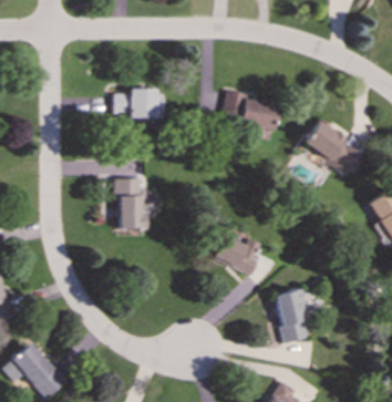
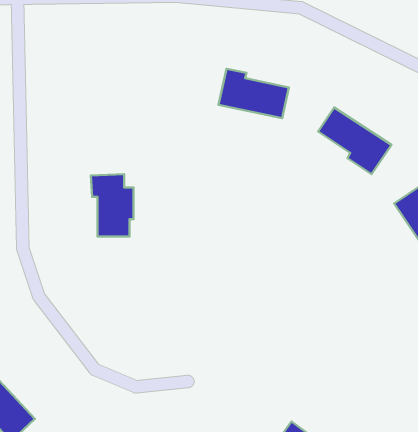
building: [114,89,164,117] -> none
building: [209,234,259,275] -> none
building: [272,288,307,342] -> none

